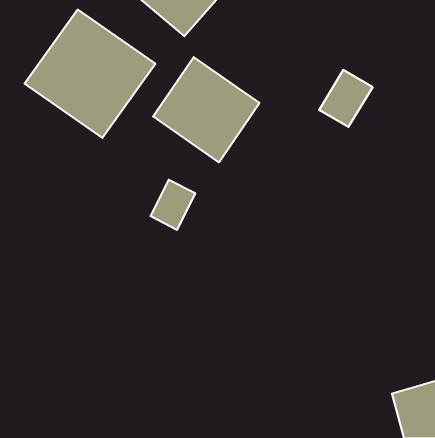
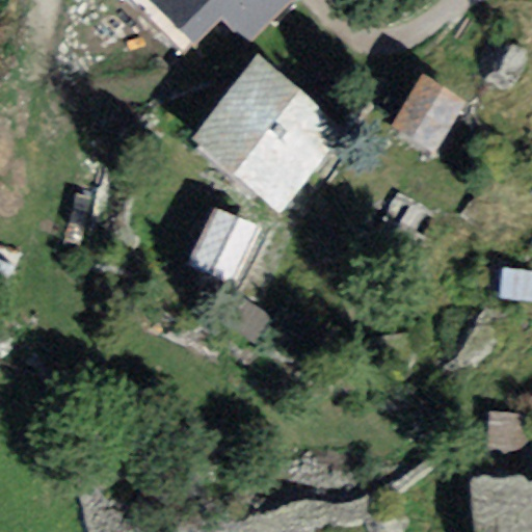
building: [25,10,155,138] -> none

